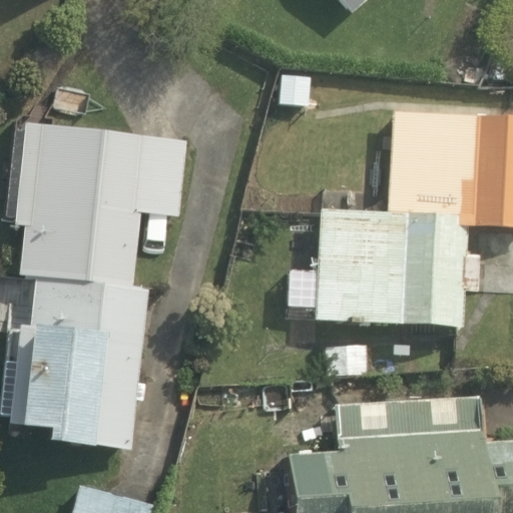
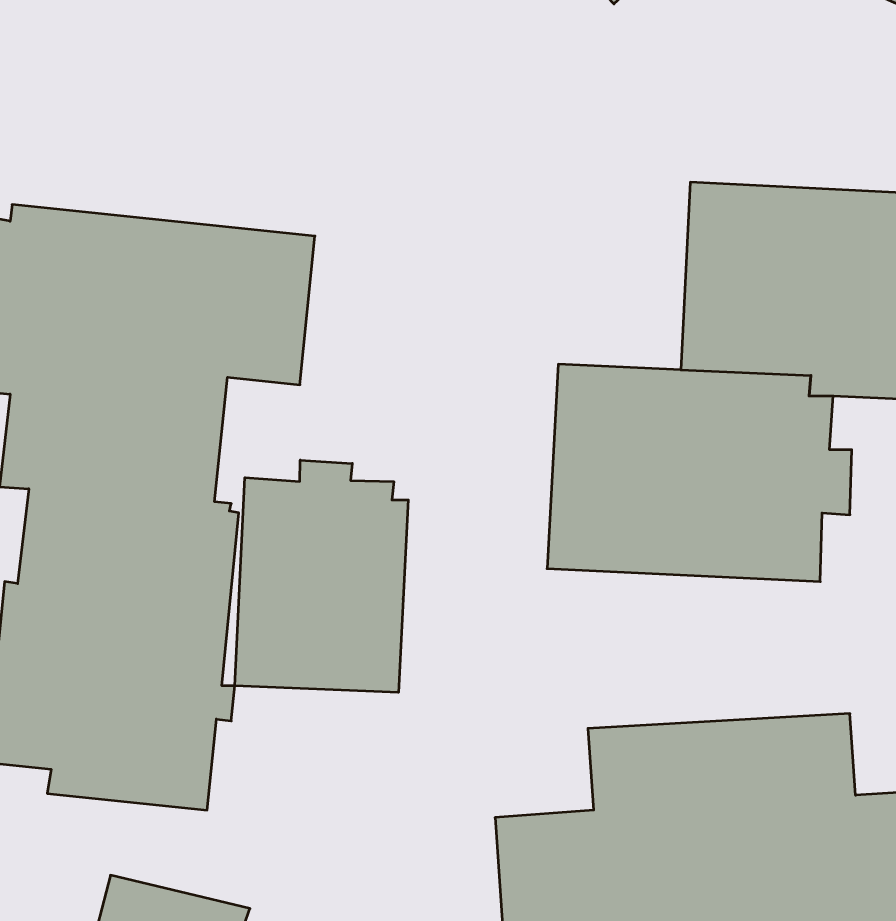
building: none -> [235,460,408,692]

